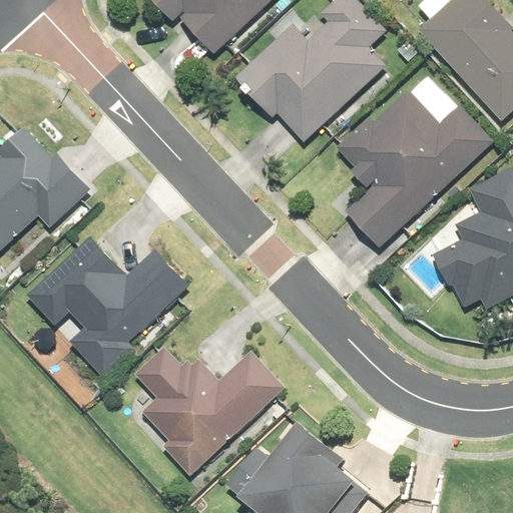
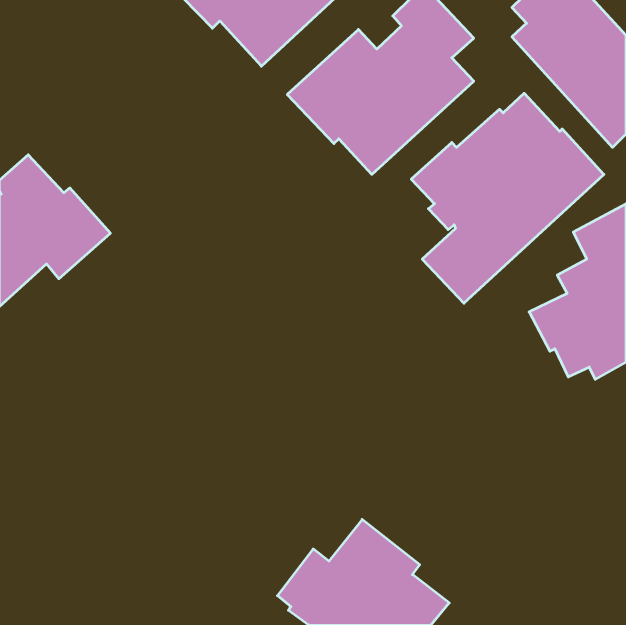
building: [26,236,188,378] -> none
building: [134,347,286,476] -> none

